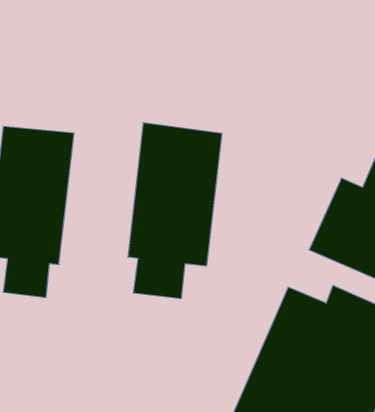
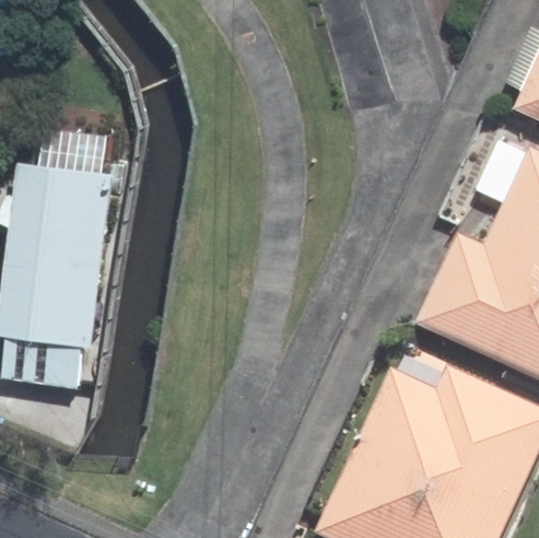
building: [128,123,222,299] -> none

